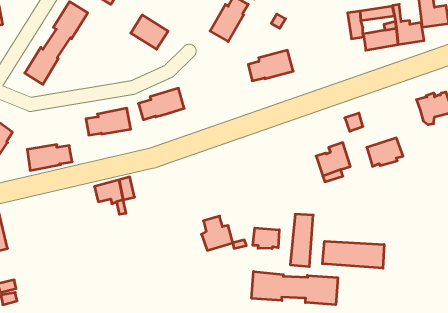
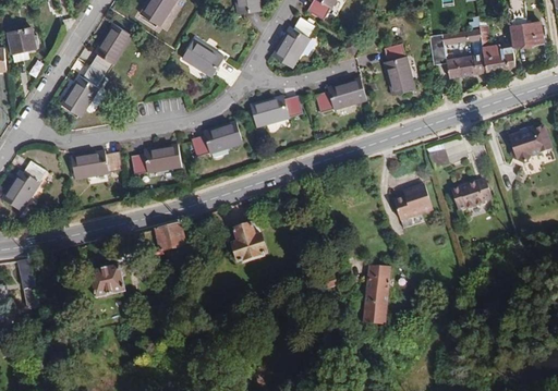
building: none -> [384,42,415,95]
building: none -> [251,95,303,127]
building: [27,145,72,170] -> [72,150,123,180]
building: none -> [89,265,126,298]
building: [201,216,233,250] -> [233,213,269,253]
building: [253,228,279,249] -> none
building: [322,241,384,268] -> none
building: [252,271,338,305] -> none

